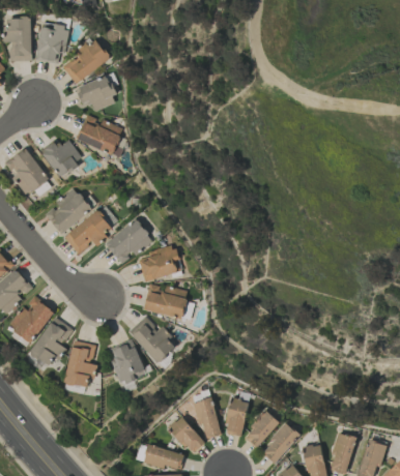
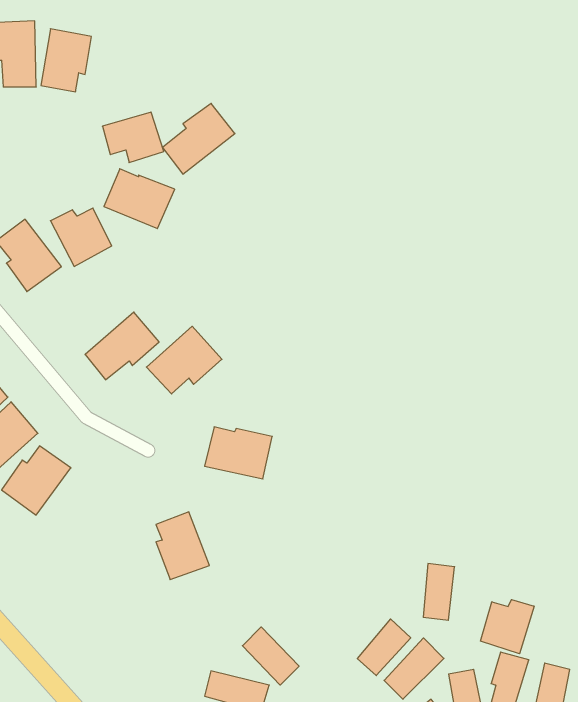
building: [62,38,110,85] -> [162,103,235,174]
building: [46,187,92,235] -> none
building: [137,246,181,282] -> none
building: [30,317,74,367] -> none
building: [130,317,177,364] -> none
building: [64,340,96,387] -> none
building: none -> [481,600,534,654]
building: [196,398,220,439] -> none
building: [226,398,247,436] -> [423,564,455,620]

